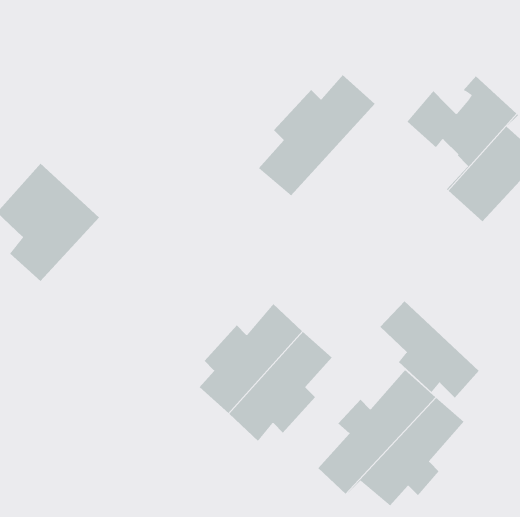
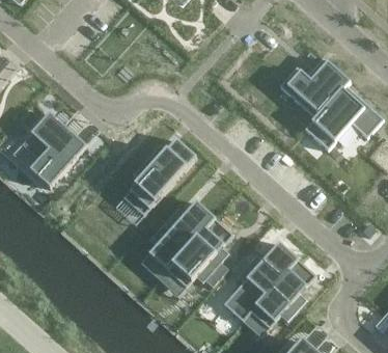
building: [258,74,375,196] -> [121,138,195,215]
building: [380,301,480,399] -> none

